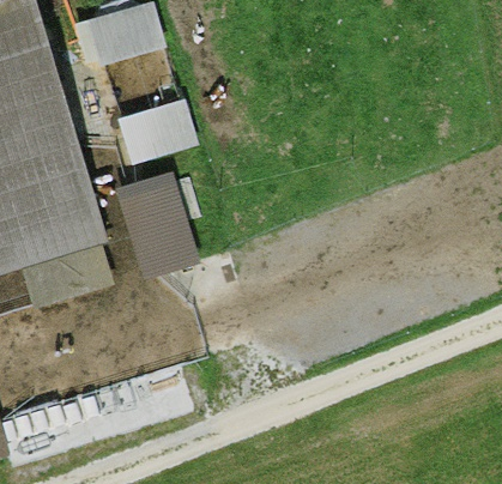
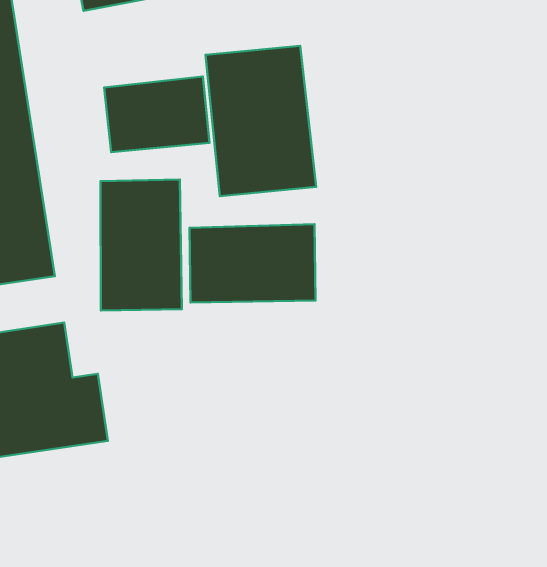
building: none -> [206,46,316,196]
building: none -> [190,224,315,303]

